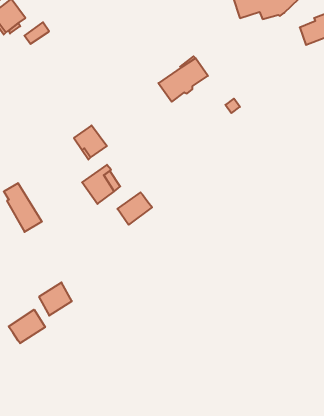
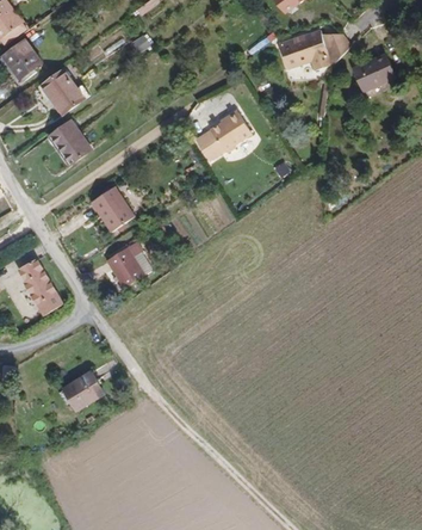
building: none -> [48,81,87,115]
building: none -> [49,119,92,165]
building: [117,192,152,225] -> none
building: [9,310,45,343] -> none

